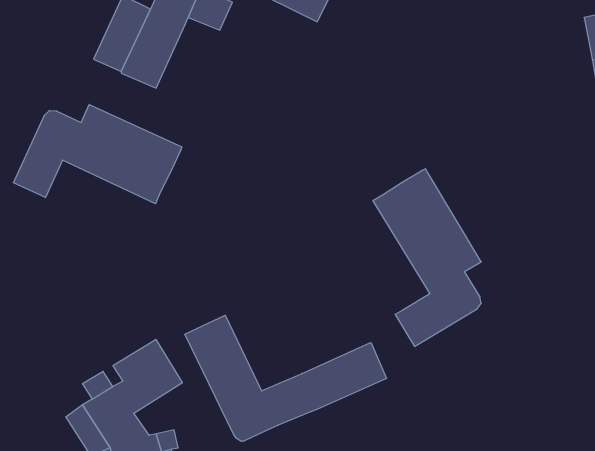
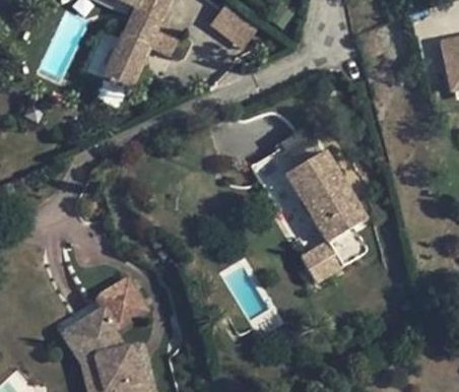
building: [14,104,182,204] -> none
building: [185,315,386,441] -> none

